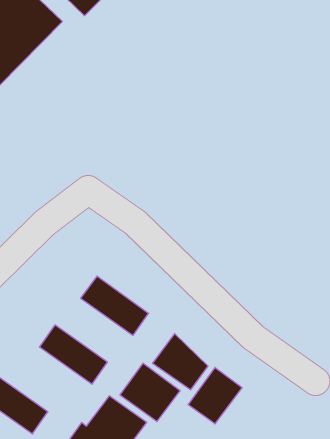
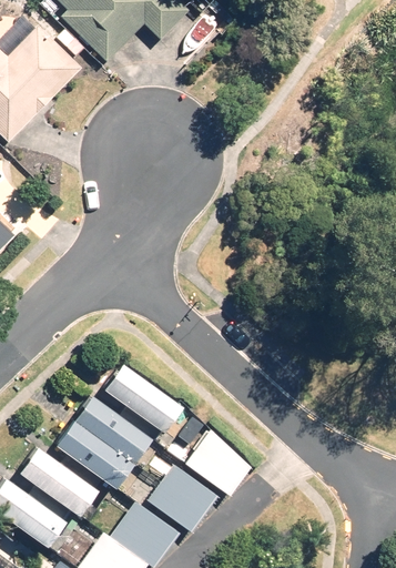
building: none -> [72,394,151,463]
building: none -> [18,447,97,516]
building: [188,367,242,424] -> none

